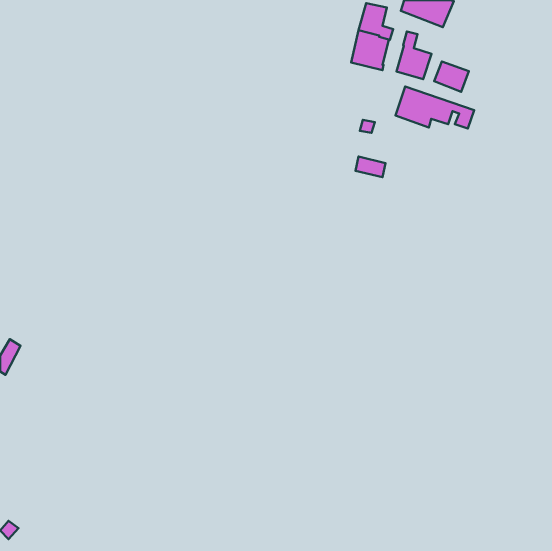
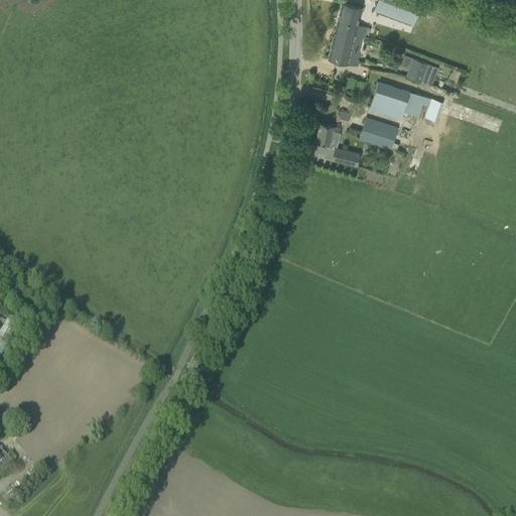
building: [396,31,432,79] -> none
building: none -> [359,118,398,149]
building: none -> [314,123,341,148]

